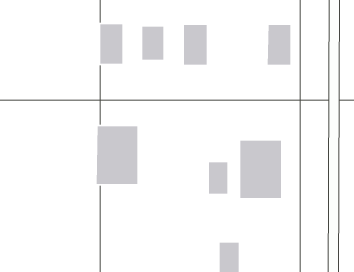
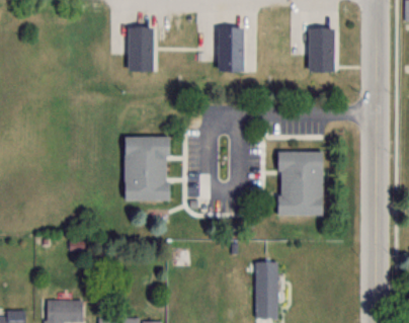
building: [142,26,164,60] -> none
building: [208,161,228,195] -> none

